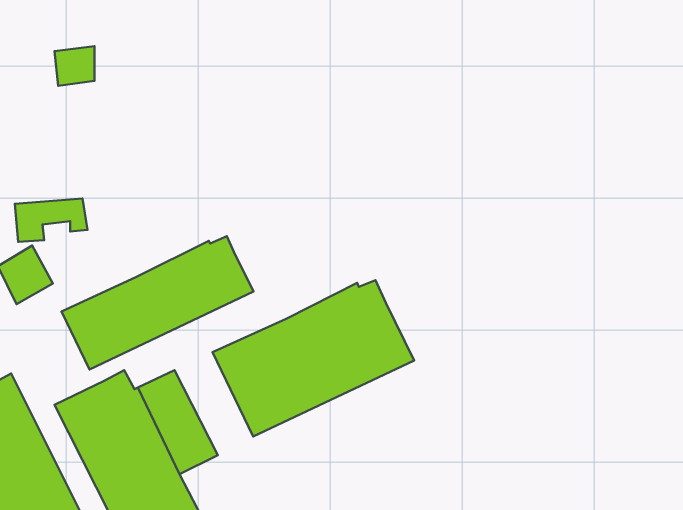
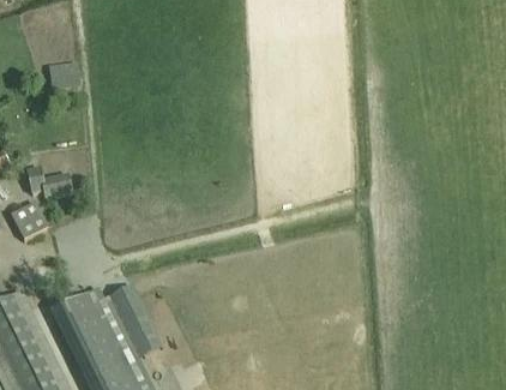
building: [62,236,254,369] -> none
building: [213,280,414,437] -> none

